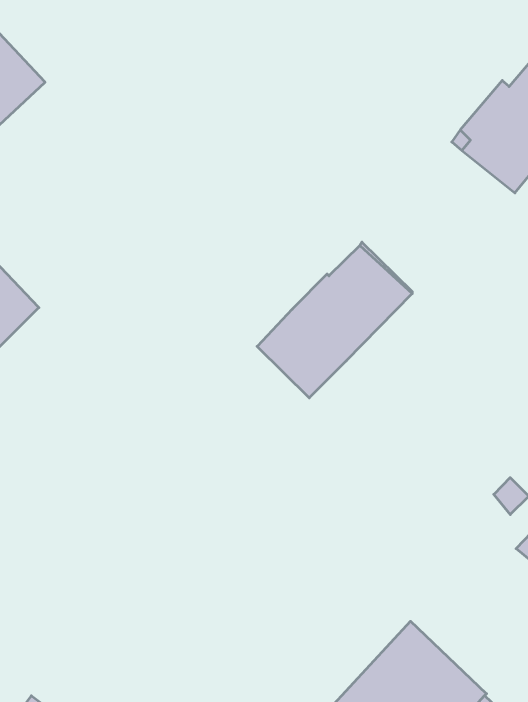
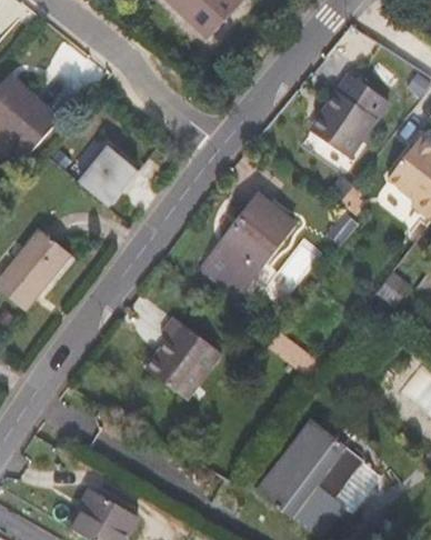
building: none -> [80,148,140,208]
building: none -> [146,317,221,399]

